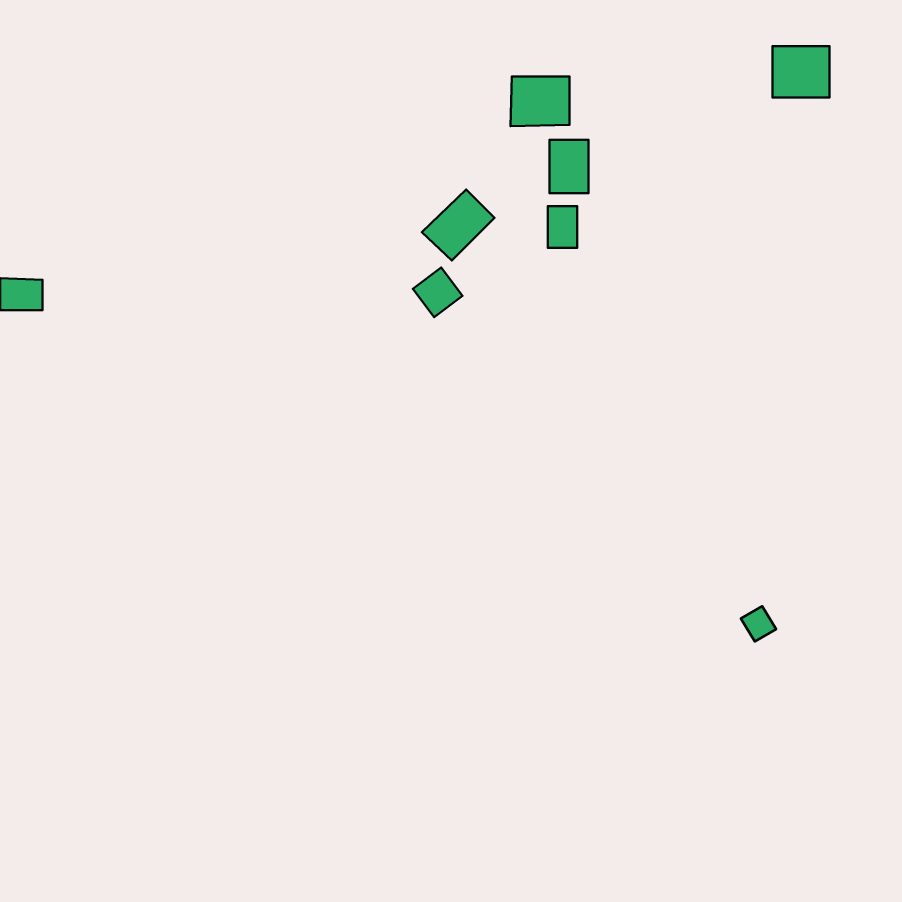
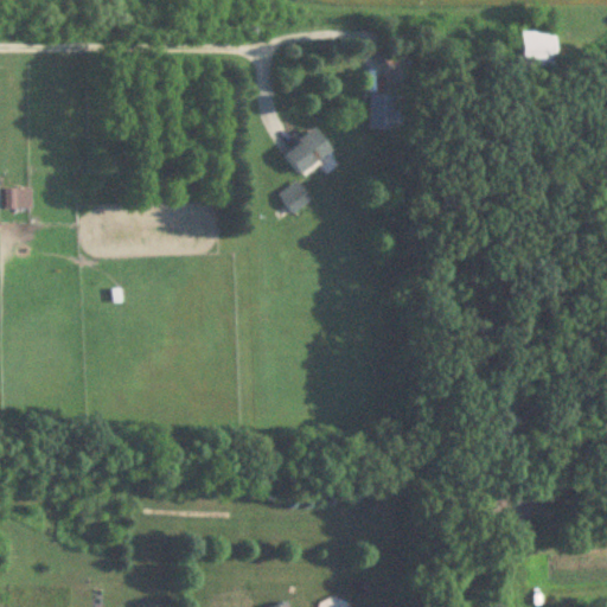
building: [511,77,570,126] -> none
building: [548,206,577,248] -> none

